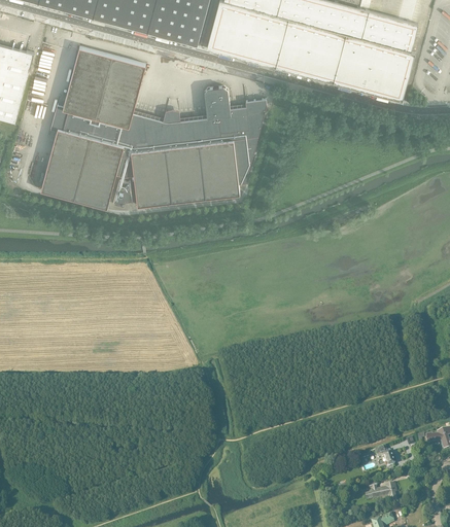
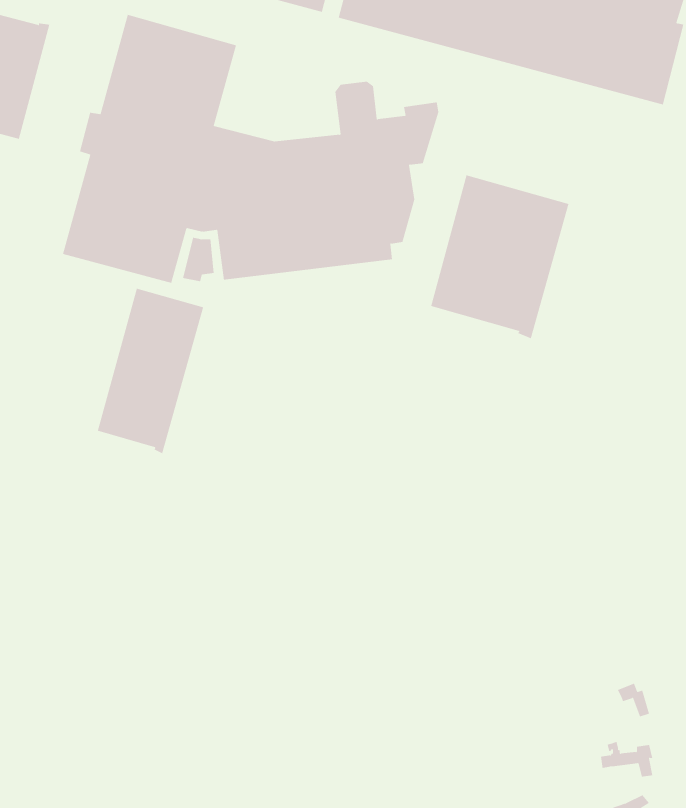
building: none -> [431,174,569,339]
building: none -> [97,288,204,454]

